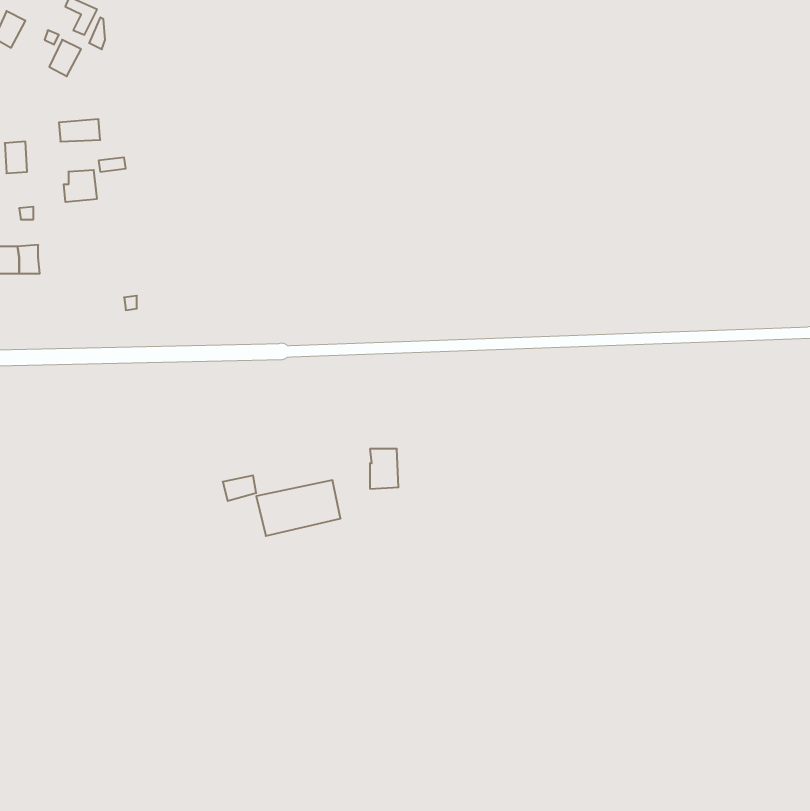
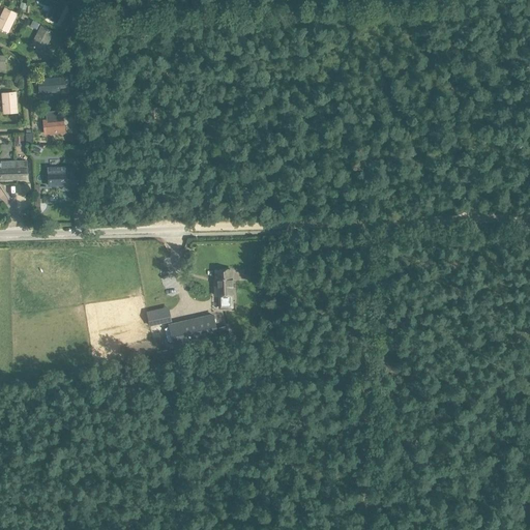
building: none -> [48,167,72,185]
building: [370,449,399,489] -> [212,269,231,295]

